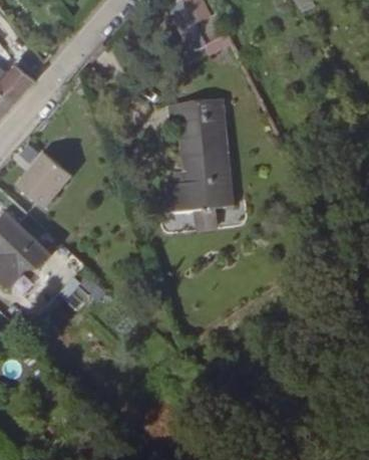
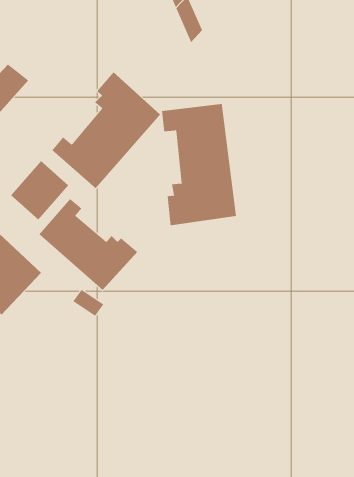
building: none -> [51,71,161,189]
building: none -> [38,198,138,291]

